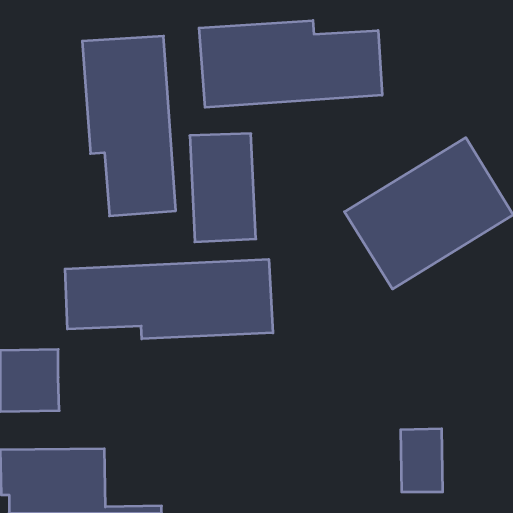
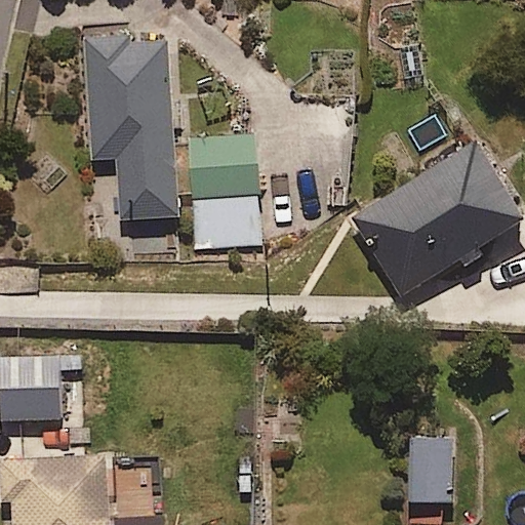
building: [199,20,382,107] -> none
building: [65,259,273,339] -> none

